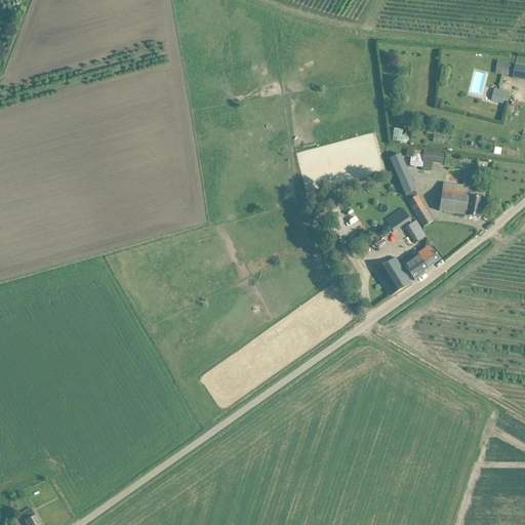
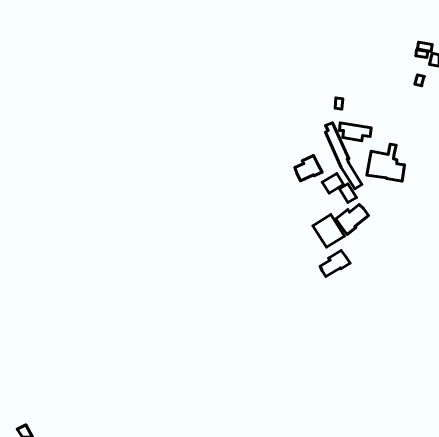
building: none -> [295,156,322,181]
building: none -> [320,250,350,277]

